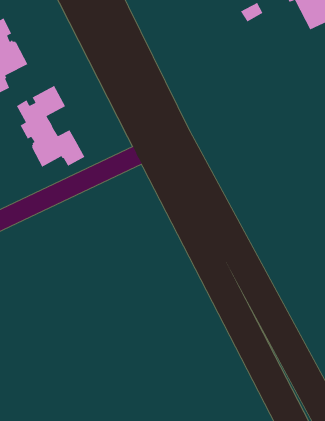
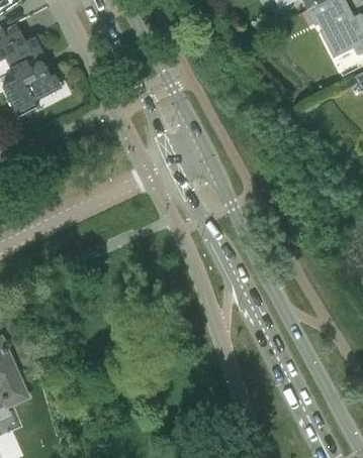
building: [16,85,86,168] -> none

